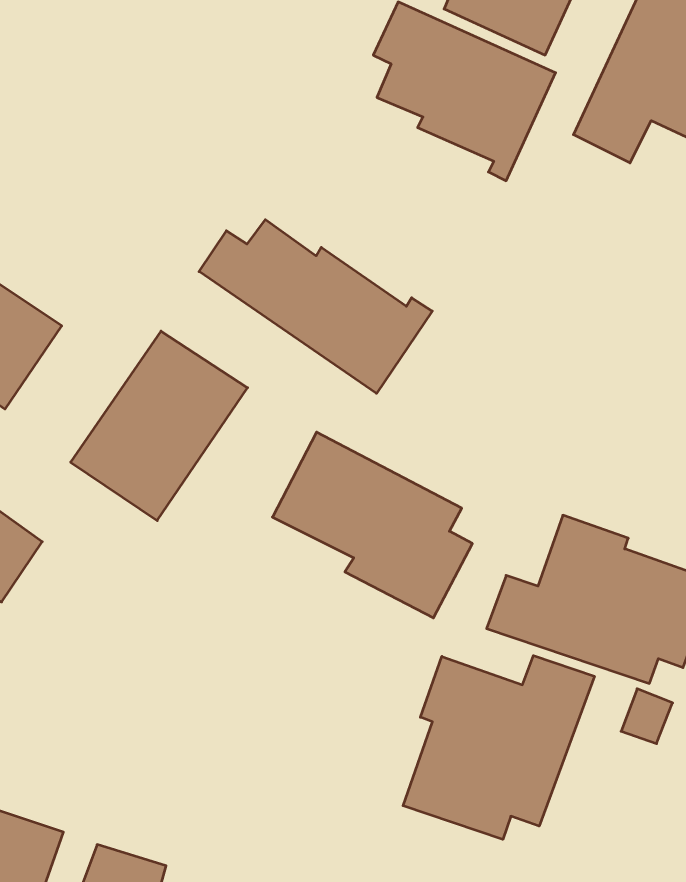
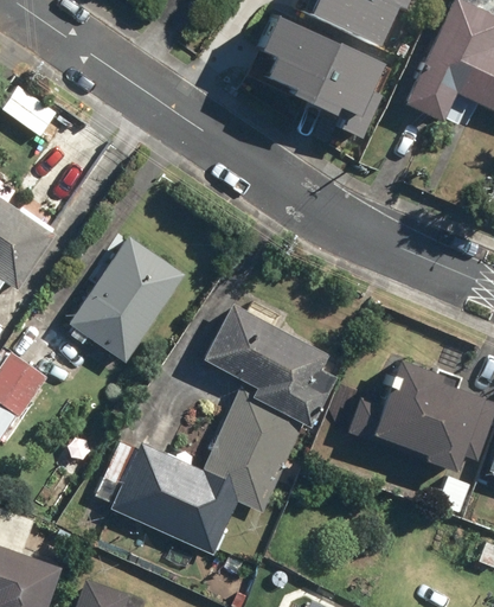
building: [199,220,432,393] -> none
building: none -> [95,396,302,554]
building: [403,656,594,839] -> none

